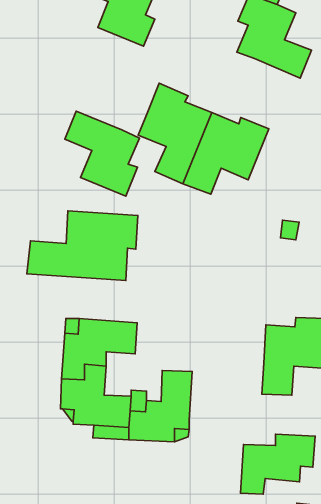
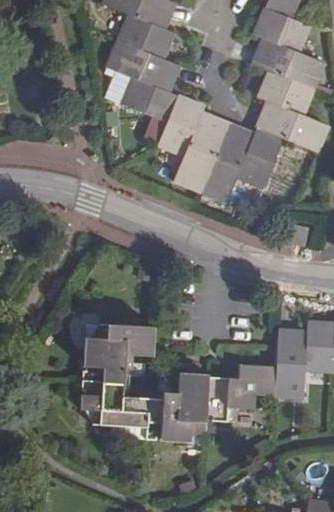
building: none -> [255,71,327,153]
building: [65,111,139,196] -> [106,41,178,123]
building: [27,211,138,281] -> none
building: [240,434,315,494] -> [205,363,277,421]

